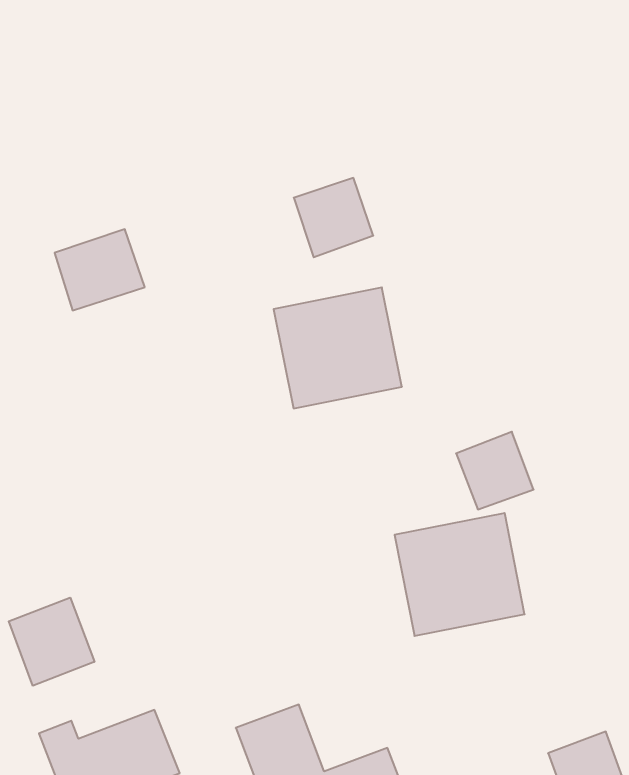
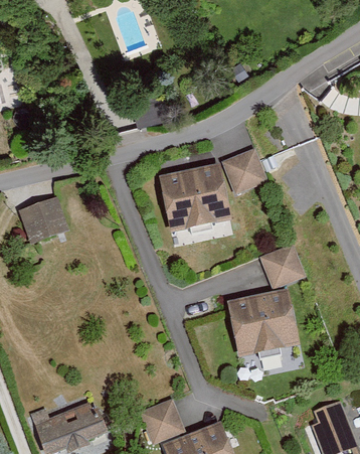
building: [294,178,373,257] -> [223,150,267,194]
building: [55,229,145,310] -> [17,197,67,243]
building: [9,598,94,686] -> none

